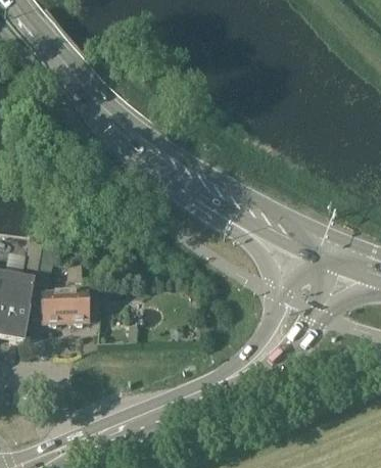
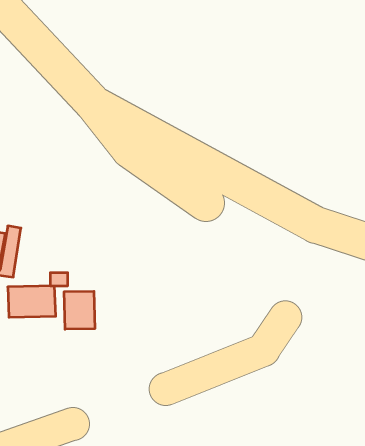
building: none -> [64,291,95,329]

